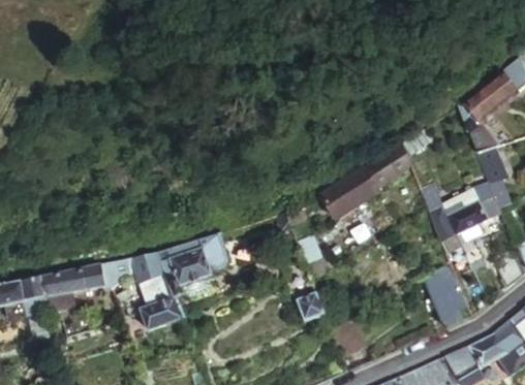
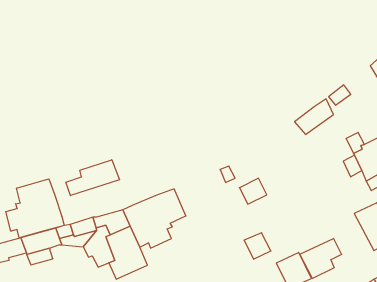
building: [325,166,377,211] -> none
building: none -> [66,160,120,196]
building: none -> [6,179,64,238]
building: none -> [300,238,342,278]

